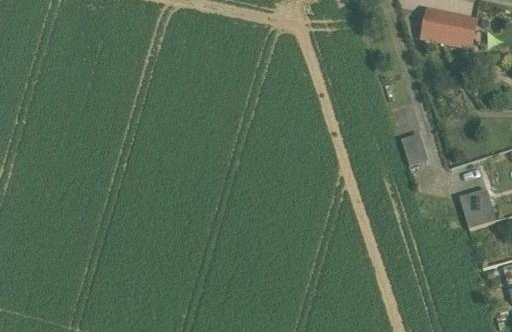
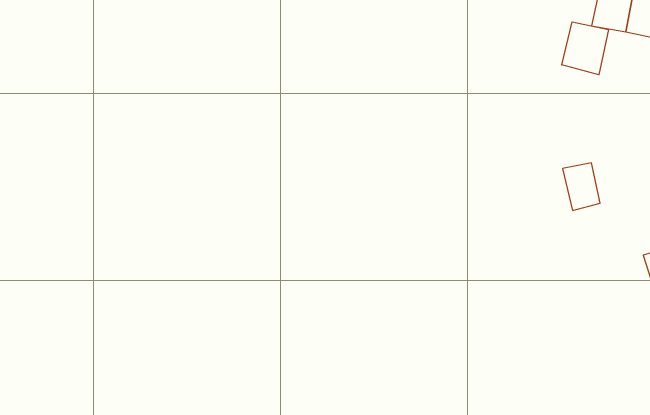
building: none -> [562,22,609,75]

